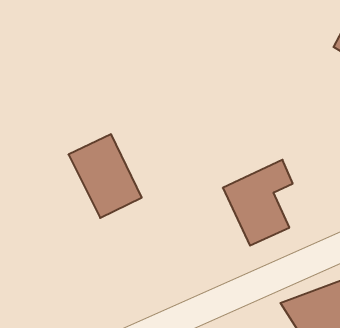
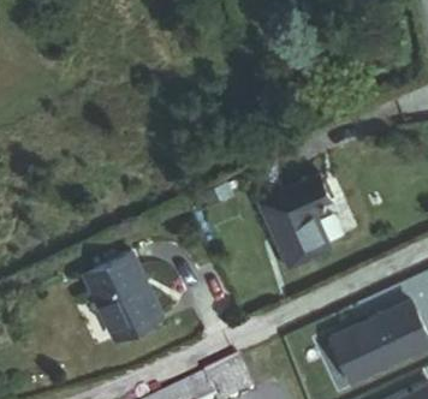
building: [68,134,142,218] -> [87,251,165,340]

